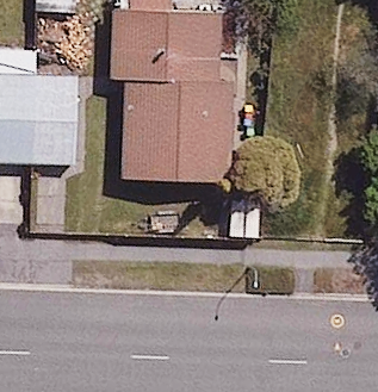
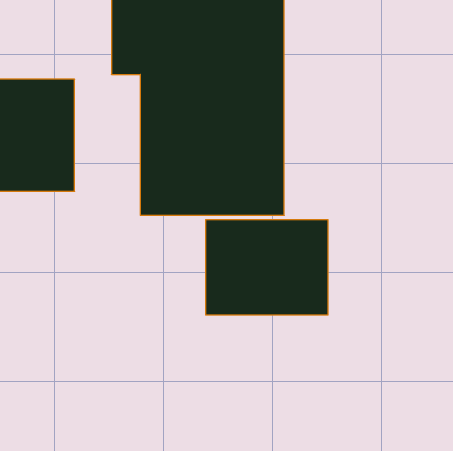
building: none -> [206,220,328,315]

